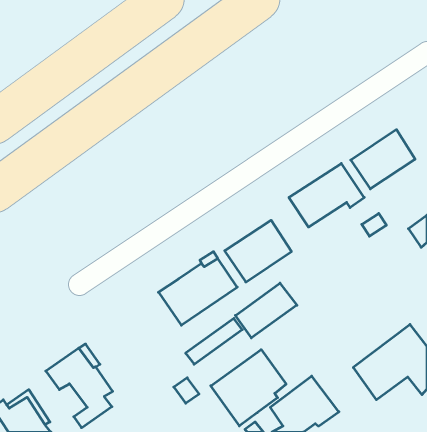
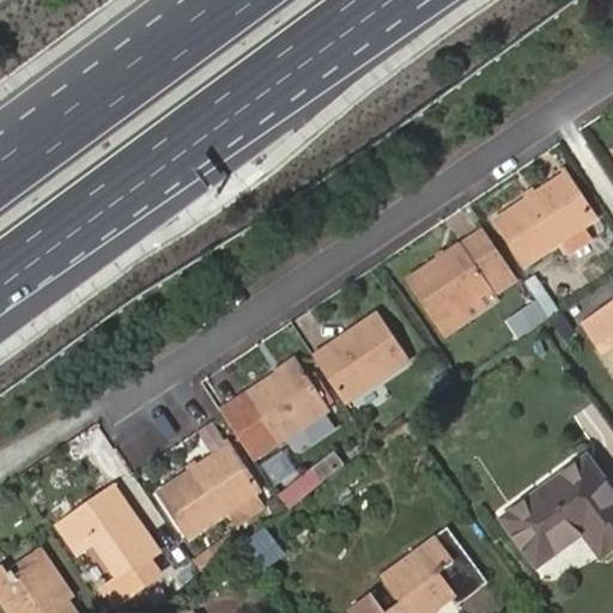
building: [235,283,297,338] -> none
building: none -> [163,445,260,534]
building: [211,350,286,426] -> none

